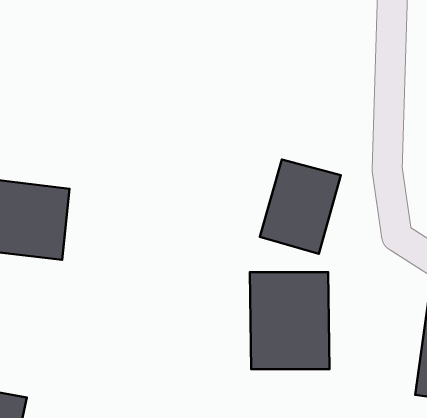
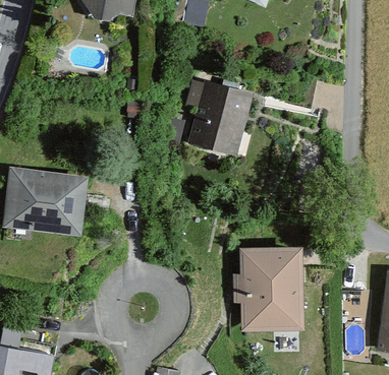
building: [260,159,341,254] -> [186,78,254,157]

